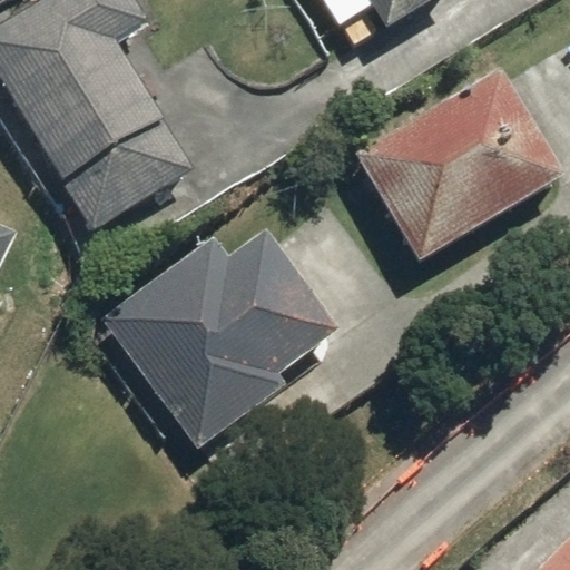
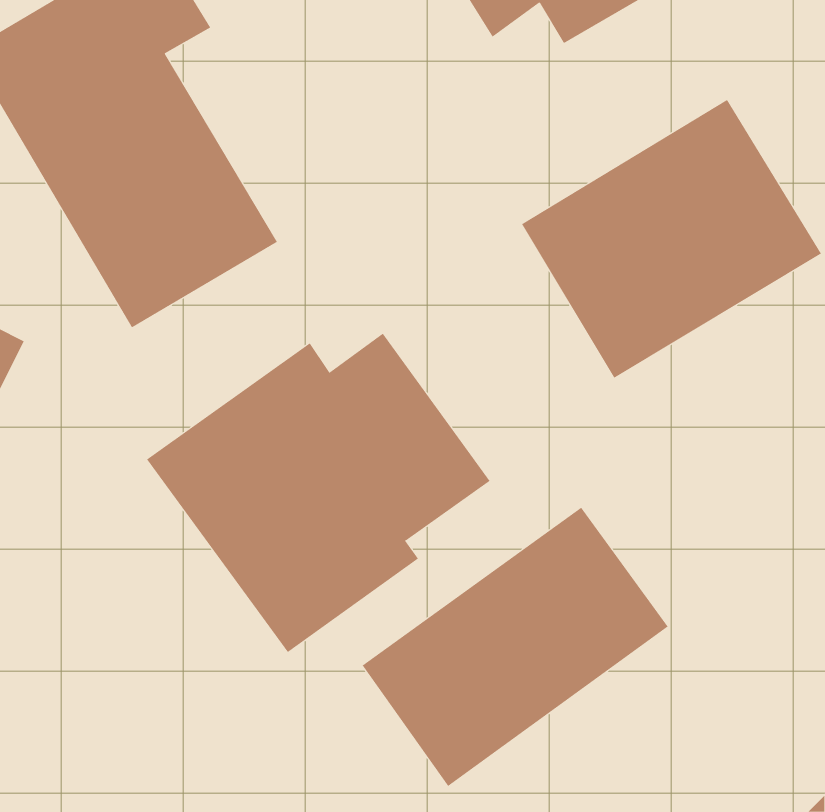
building: none -> [362,507,669,787]

